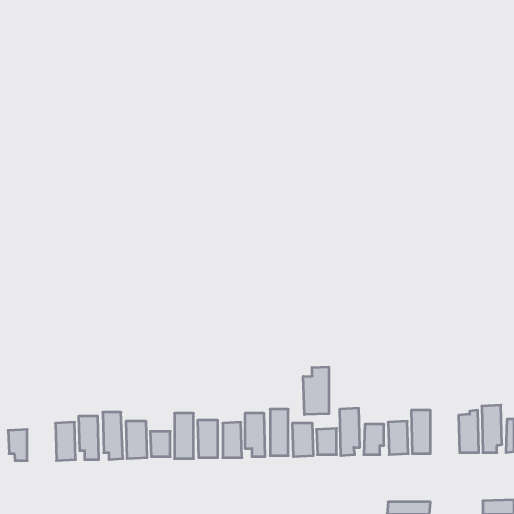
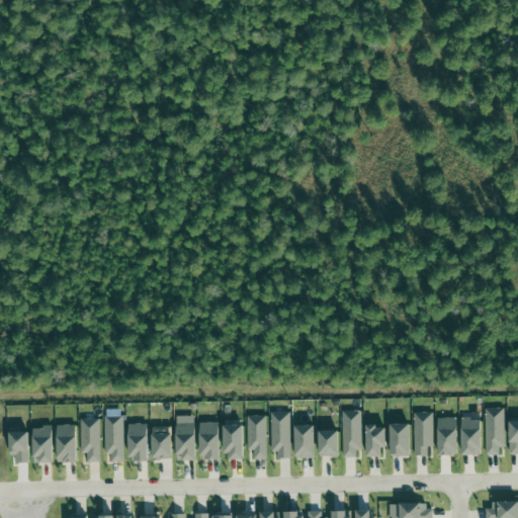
building: [303,367,329,415] -> none
building: none -> [437,417,457,455]
building: none -> [31,427,52,463]

